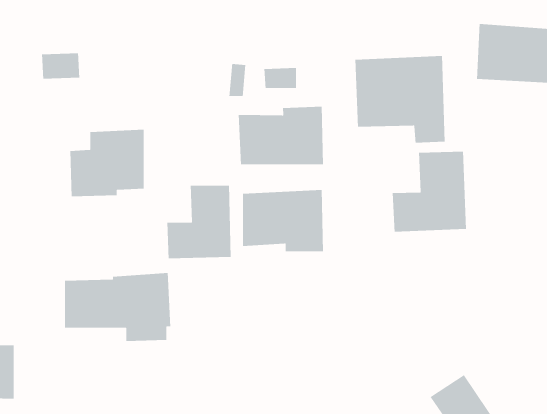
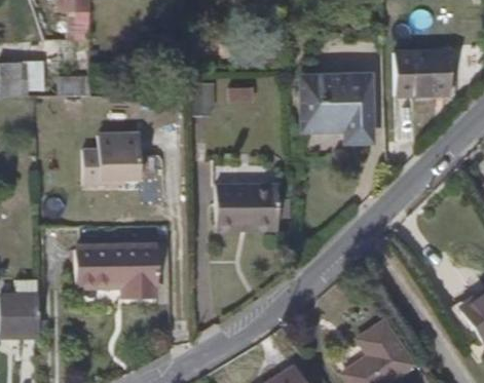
building: [238,106,324,165] -> none
building: [392,151,467,232] -> none
building: [167,185,231,259] -> none

